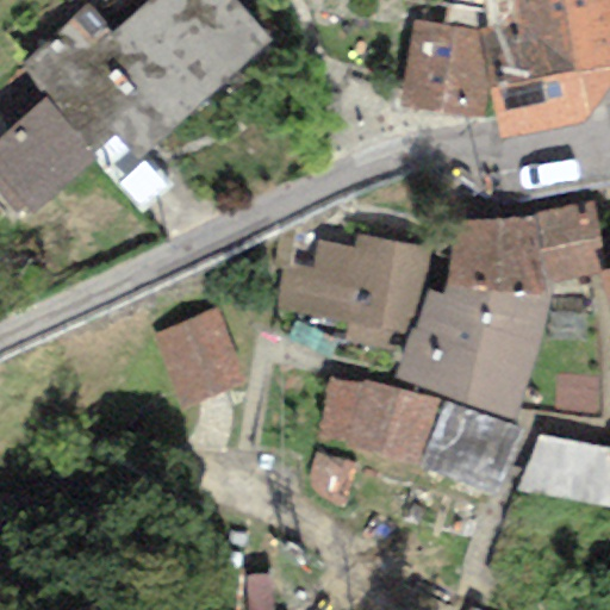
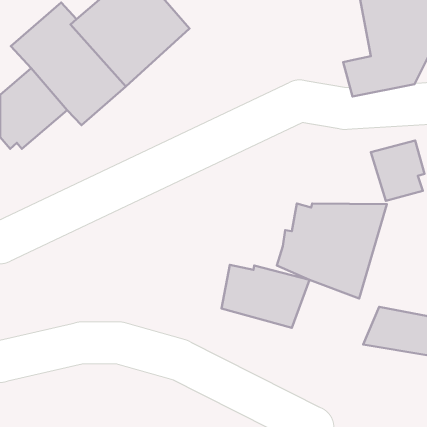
building: [399,21,500,117] -> none
building: [446,216,552,290] -> none
building: [278,234,432,349] -> none
building: [155,307,245,406] -> none
building: [417,397,523,490] -> none

